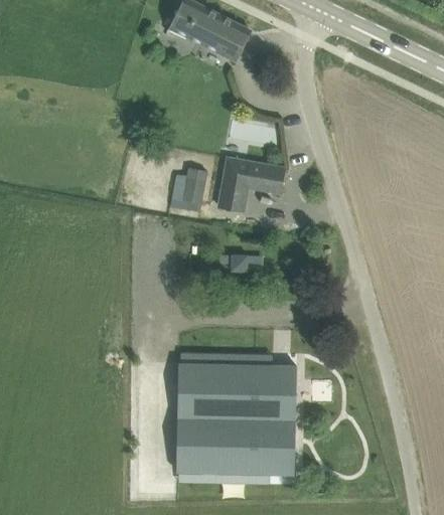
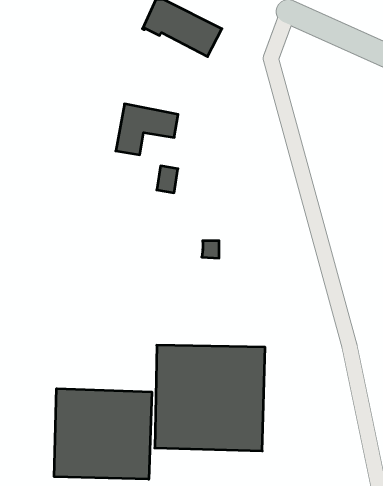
building: [217,157,283,210] -> [116,104,178,155]
building: none -> [54,389,152,479]

